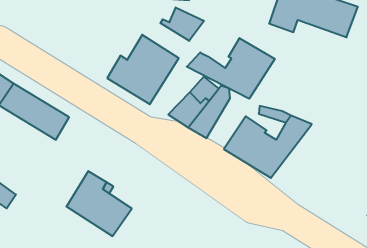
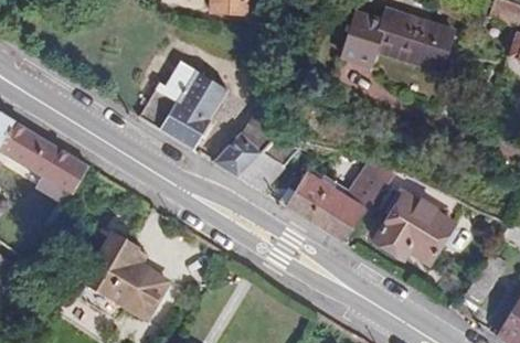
building: [160,7,204,41] -> none
building: [187,38,275,99] -> none
building: none -> [376,196,460,267]

